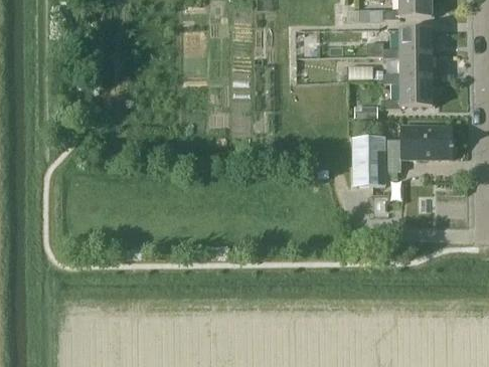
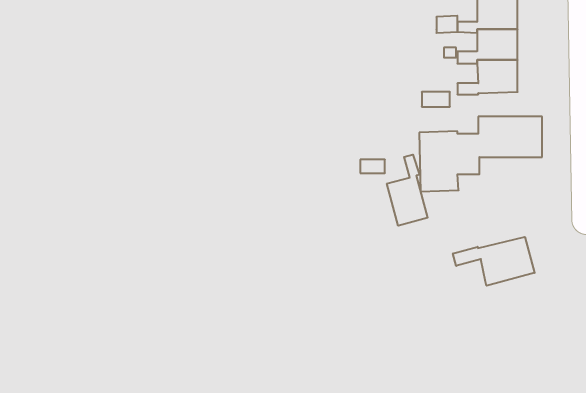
building: none -> [387,155,428,226]
building: none -> [453,237,535,286]

